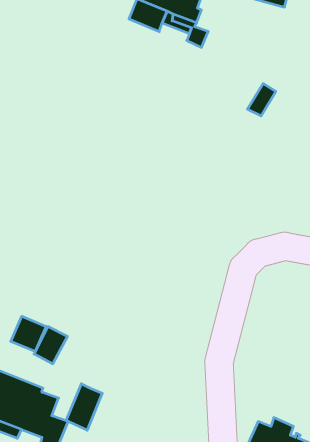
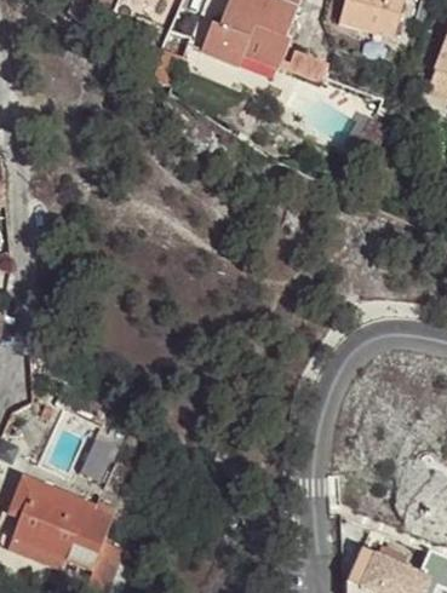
building: [11,316,46,352] -> none
building: [66,384,102,430] -> none

